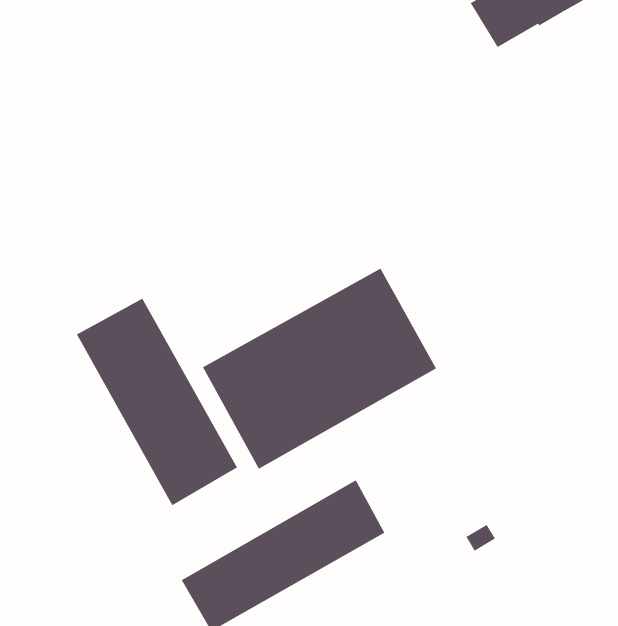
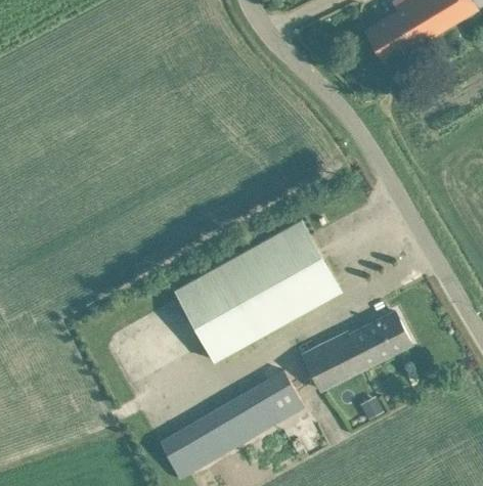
building: [76,298,238,506] -> none
building: none -> [302,313,411,392]

